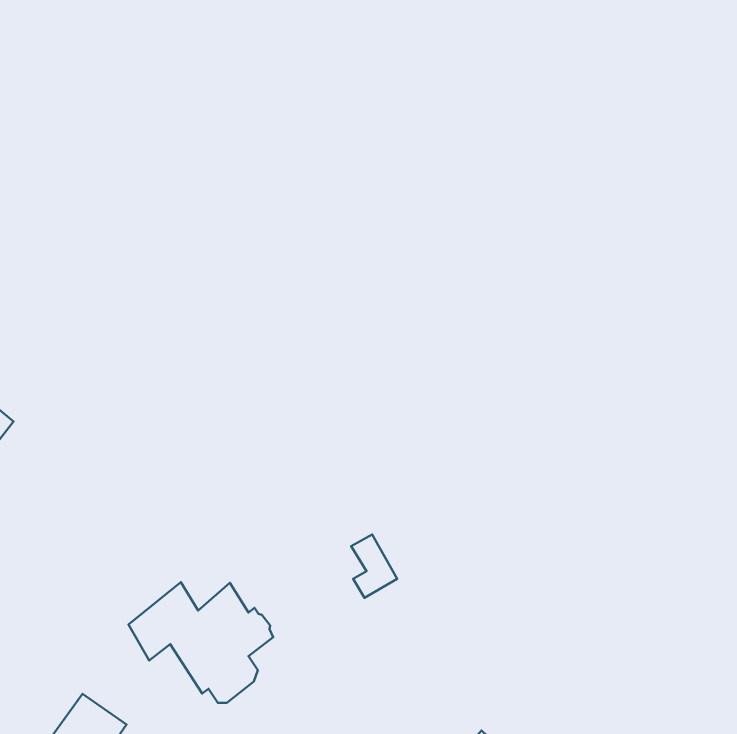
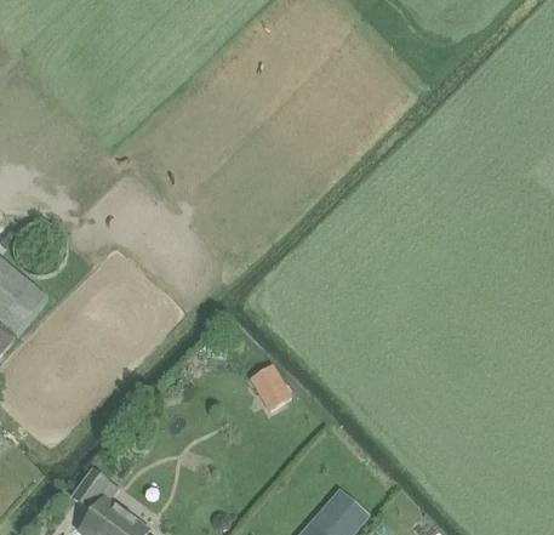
building: [129,582,273,703] -> none

